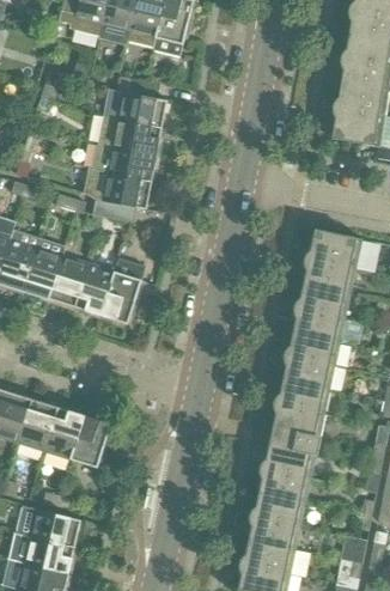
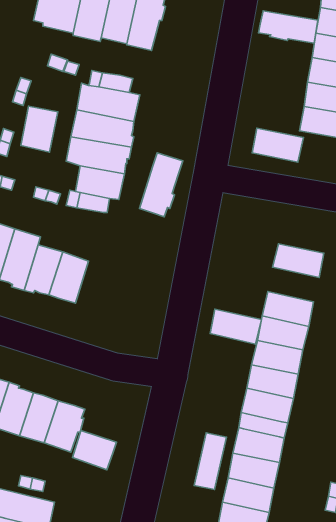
building: none -> [258,11,318,43]
building: none -> [21,106,58,152]
building: [309,229,361,263] -> [252,128,304,162]
building: [100,257,145,323] -> [140,153,183,217]
building: [298,278,351,313] -> [210,309,261,344]
building: none -> [73,430,117,470]
building: none -> [194,433,226,490]

